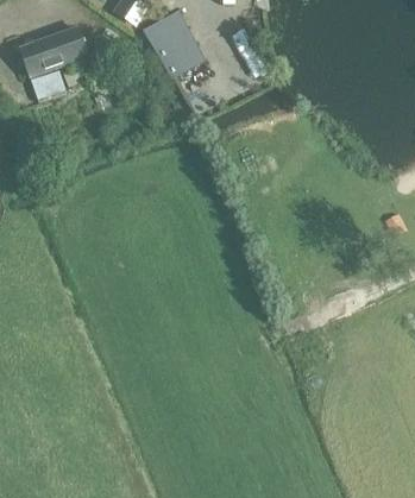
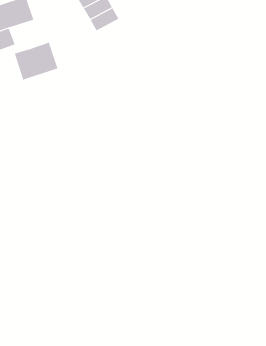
building: none -> [14,42,58,81]

